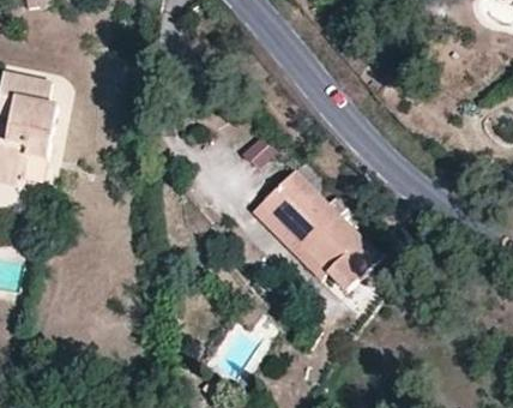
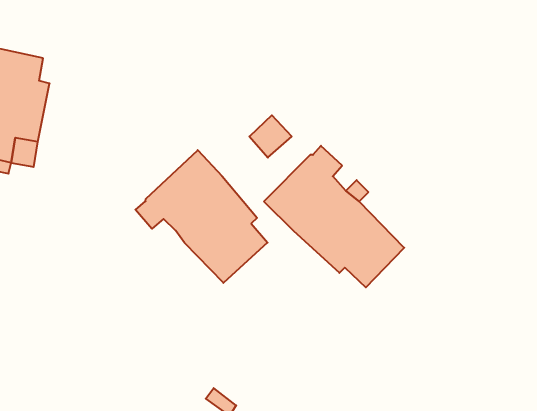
building: none -> [135,150,268,283]

